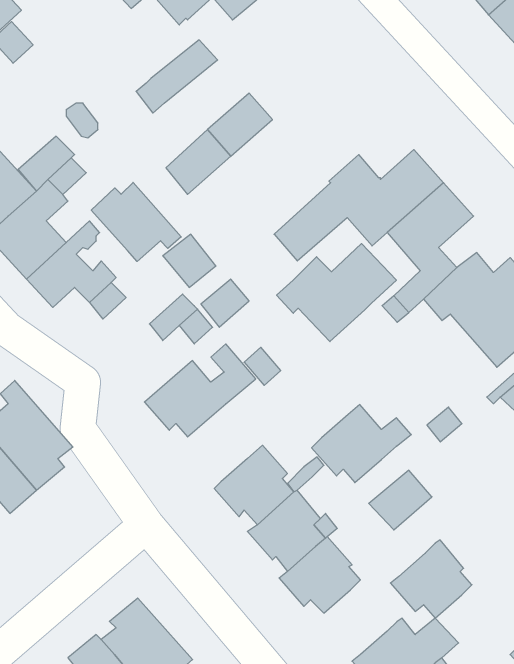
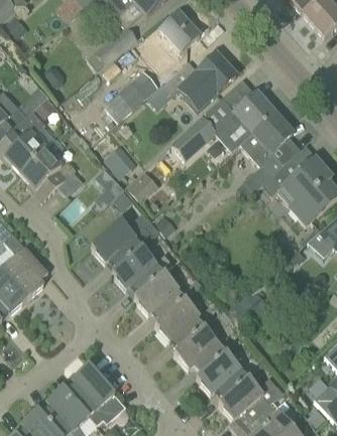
building: none -> [145,12,199,55]
building: [91,182,181,261] -> none
building: [277,244,396,342] -> [163,52,236,112]
building: [312,405,411,483] -> [112,247,173,294]
building: [390,540,472,618] -> [196,351,245,399]

